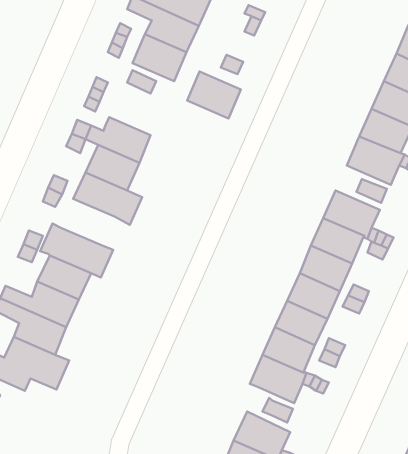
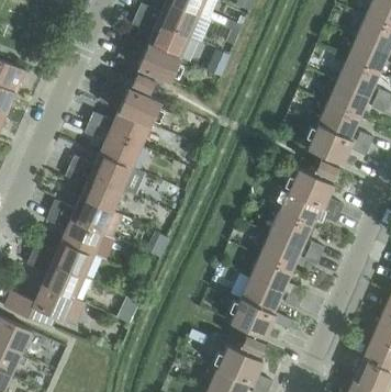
building: [187,71,241,118] -> [118,86,160,123]
building: none -> [79,173,122,211]

